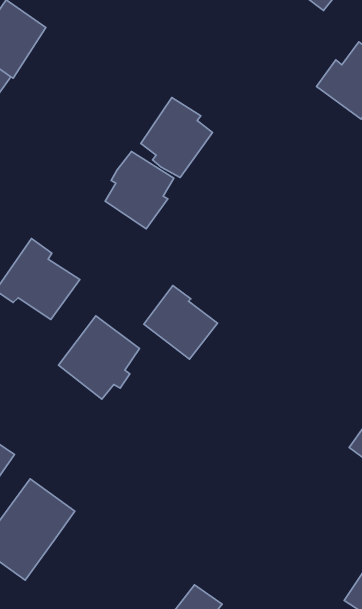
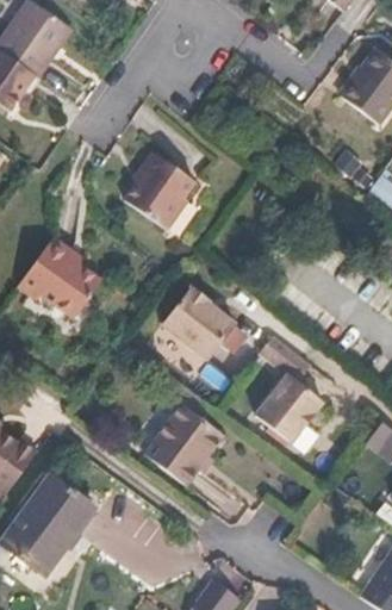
building: [141,98,212,178] -> none
building: [58,316,139,399] -> [144,404,224,486]
building: none -> [254,334,322,441]

